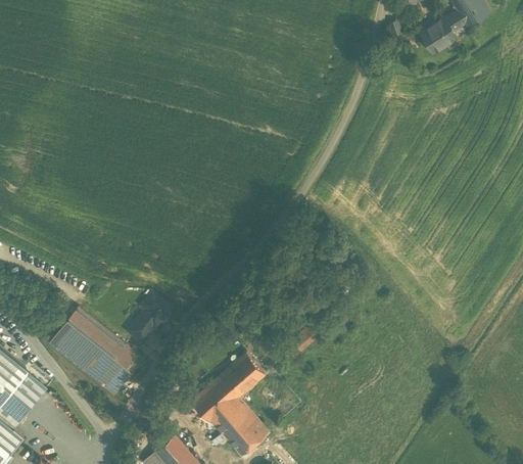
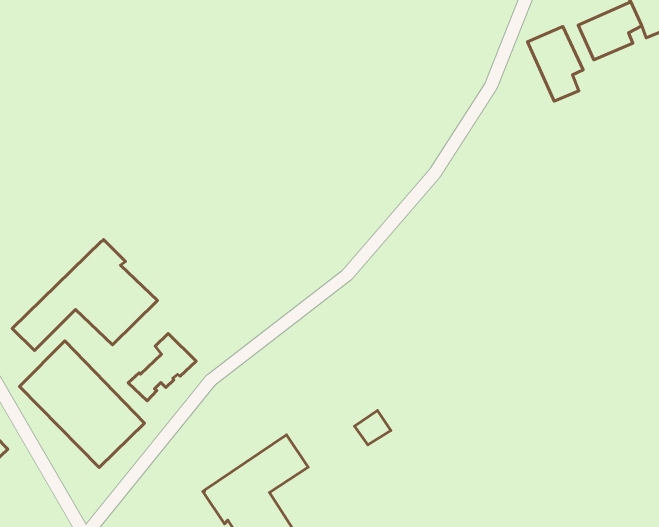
building: none -> [528,26,583,101]
building: none -> [12,239,157,351]

